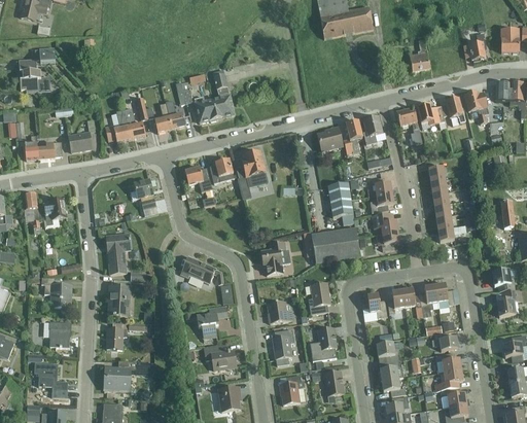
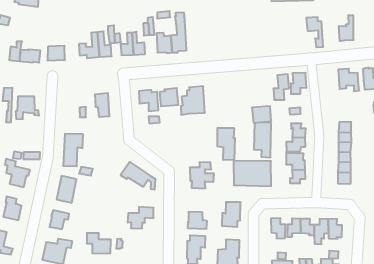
building: [396,107,422,143] -> [306,17,323,47]
building: [316,128,342,150] -> [252,106,271,123]
building: none -> [217,128,235,160]
building: [204,344,236,368] -> [87,233,111,253]

